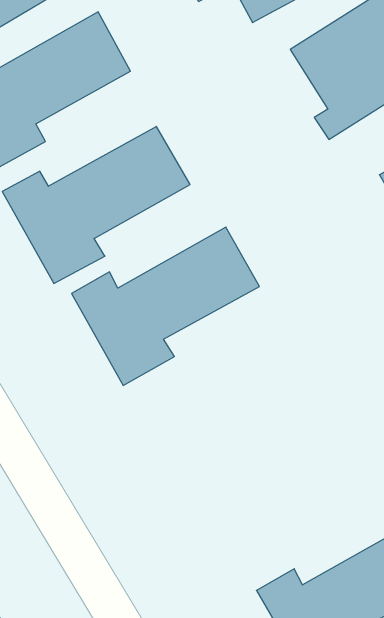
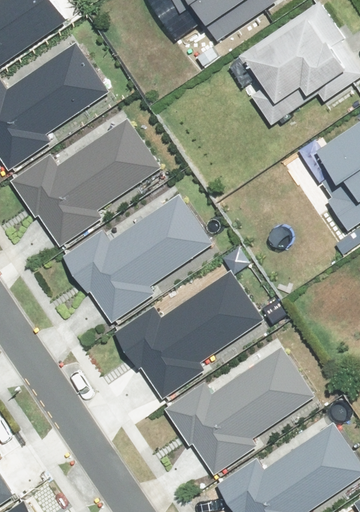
building: none -> [124,274,266,398]
building: none -> [169,352,311,476]

